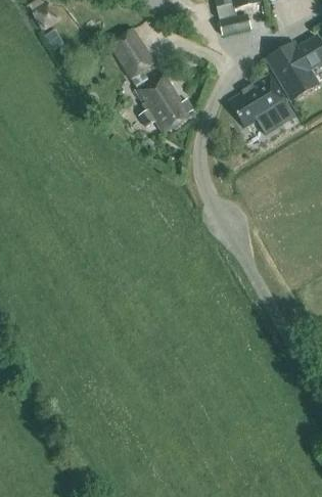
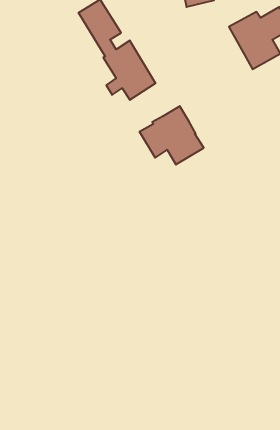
building: [228,74,294,134] -> [139,106,204,165]

